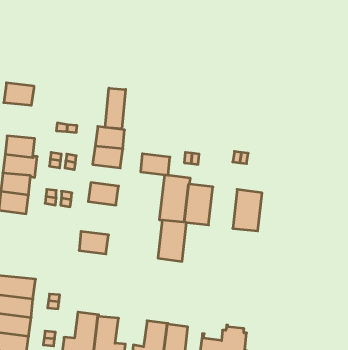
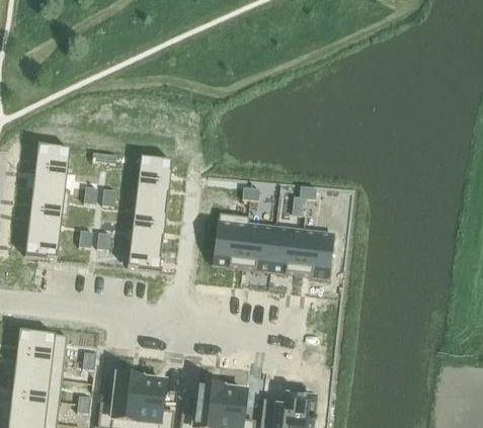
building: [4,83,34,105] -> [34,143,70,169]
building: [105,88,126,129] -> none
building: [141,154,170,175] -> [133,199,167,225]
building: [158,220,186,261] -> [270,226,304,274]
building: [79,231,109,254] -> [128,243,162,269]

